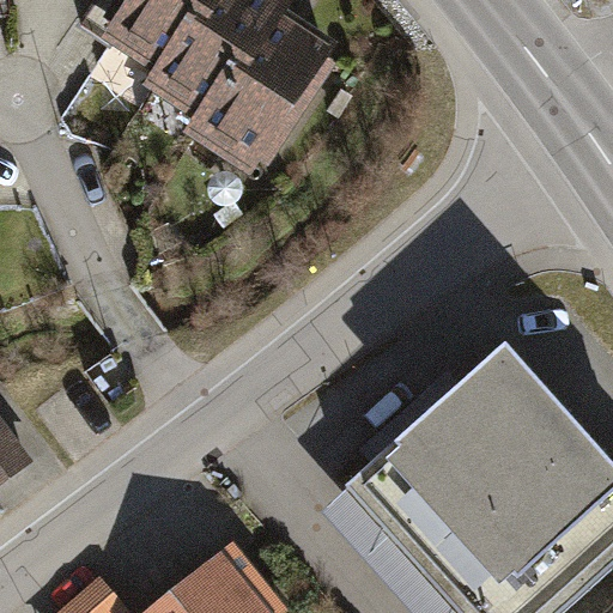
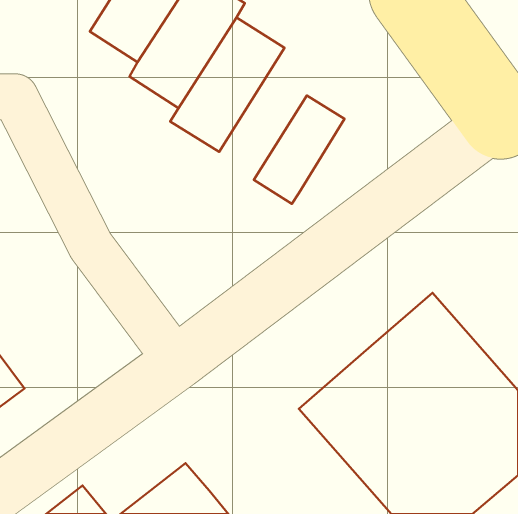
building: none -> [254,95,345,204]

